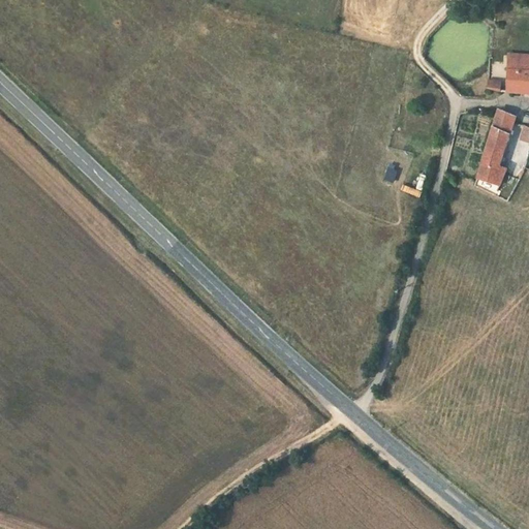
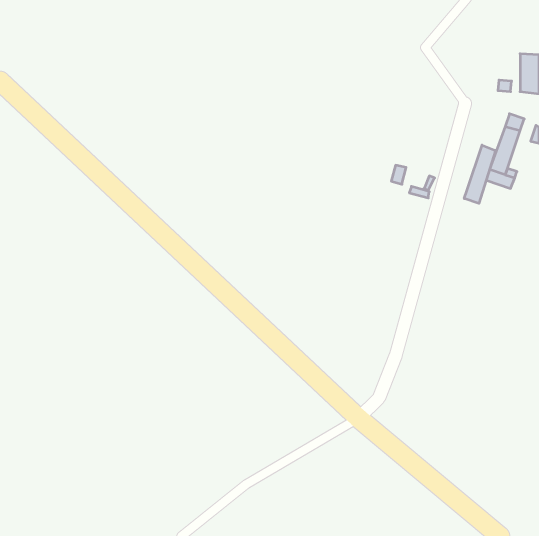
building: none -> [464,145,495,203]

